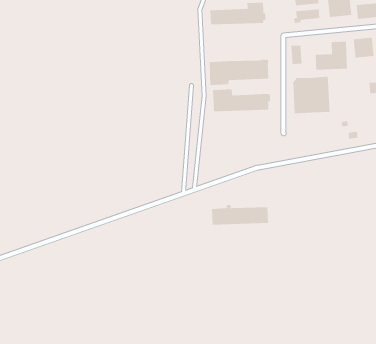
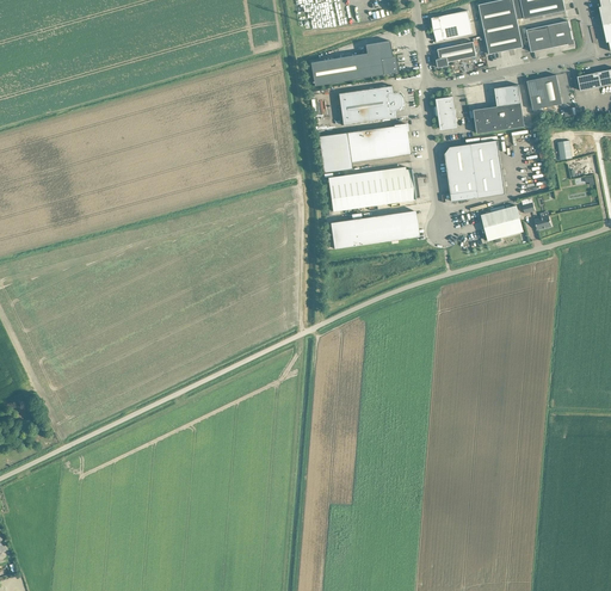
building: none -> [338,86,401,125]
building: none -> [481,205,523,241]
building: [211,204,269,226] -> [329,211,416,248]

